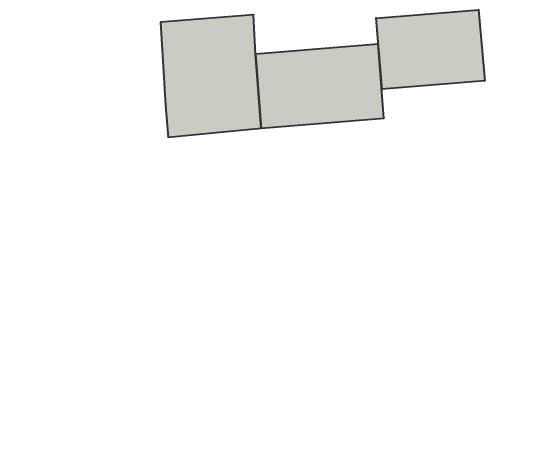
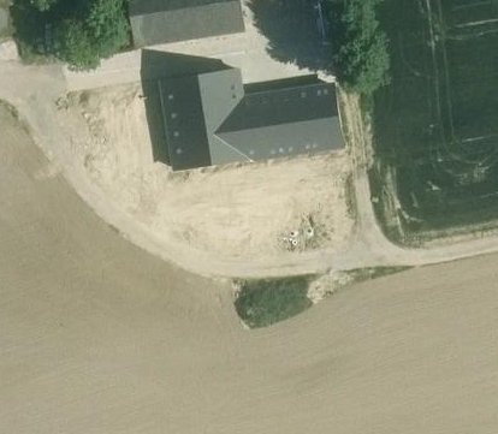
building: [376,10,485,89] -> none

